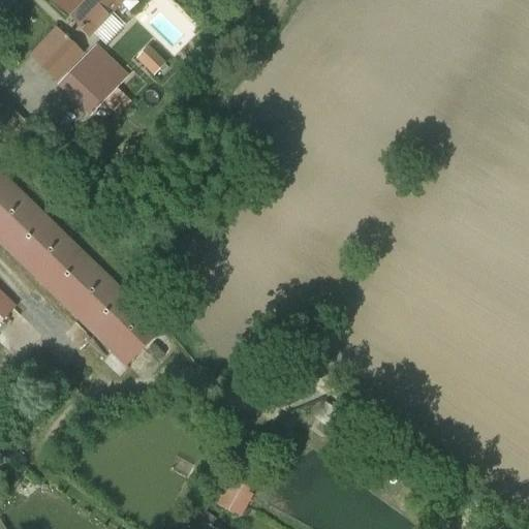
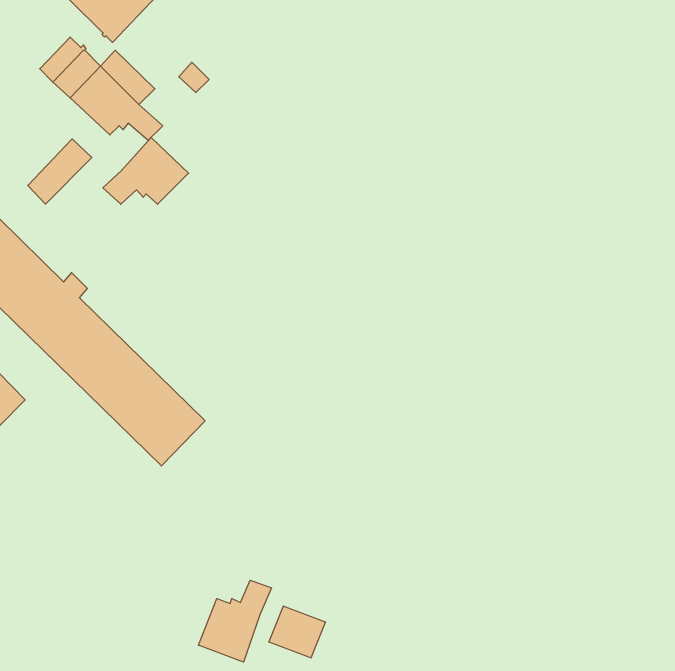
building: none -> [103,137,189,204]
building: none -> [28,139,92,204]
building: none -> [199,580,271,662]

